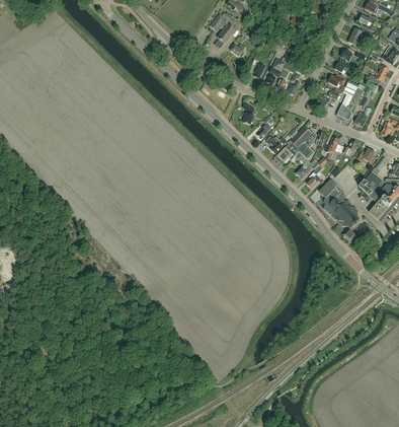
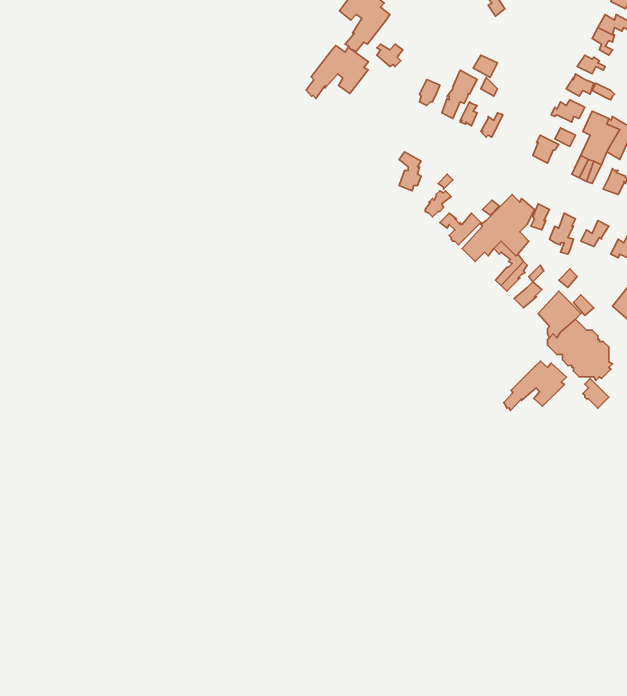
building: none -> [306,45,369,99]
building: none -> [504,361,567,411]

